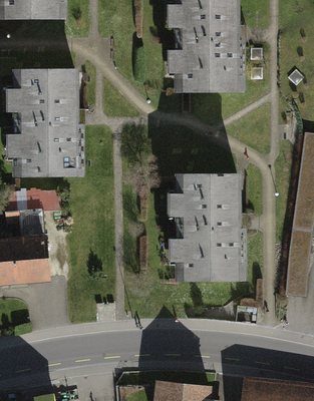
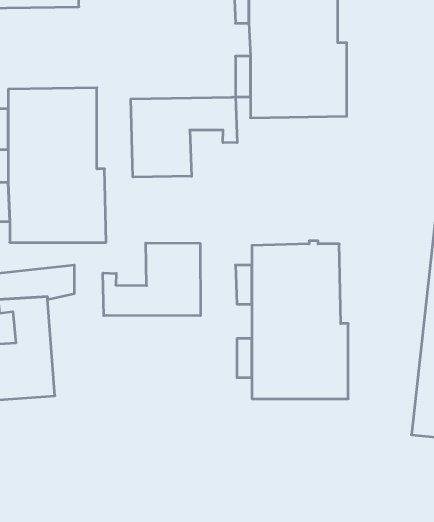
building: none -> [131,97,237,177]
building: none -> [103,243,200,316]

